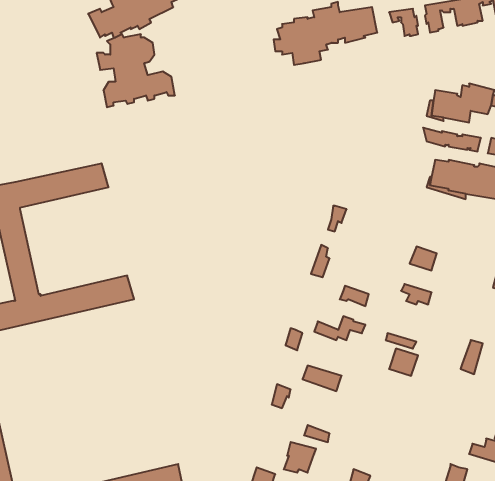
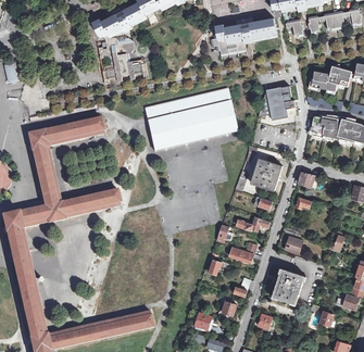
building: none -> [256,85,296,120]
building: none -> [145,88,237,150]
building: none -> [251,158,283,190]
building: none -> [273,267,305,303]

